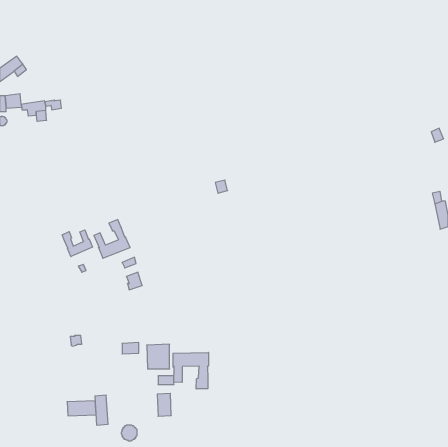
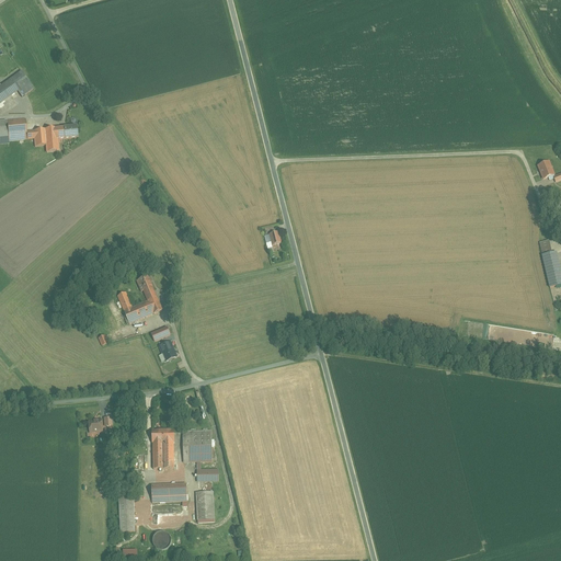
building: [62,230,92,257] -> none
building: [173,352,208,389] -> none
building: none -> [152,440,174,467]
building: [67,401,96,416] -> [151,483,187,502]

